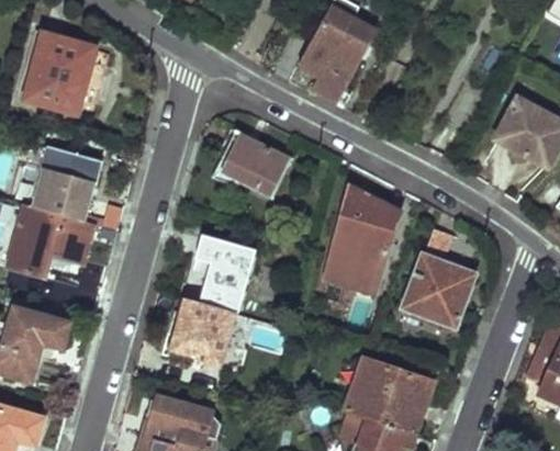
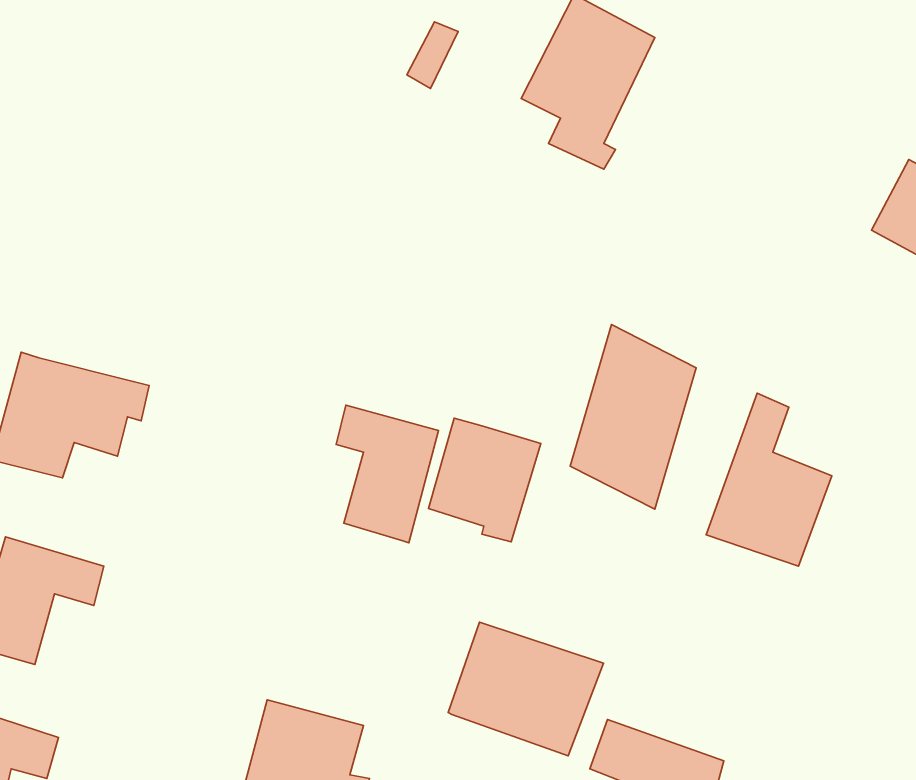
building: [24,33,96,114] -> none
building: [226,137,291,200] -> none
building: [31,150,90,222] -> none
building: [171,296,234,365] -> [429,418,541,542]
building: [346,359,433,433] -> [448,622,604,756]

